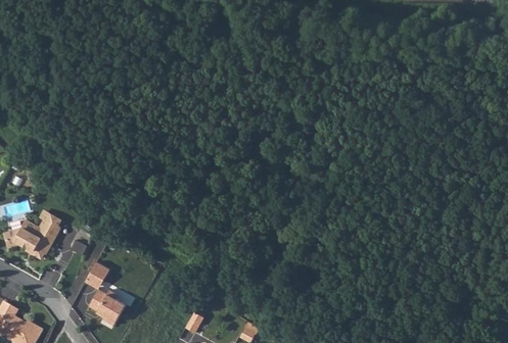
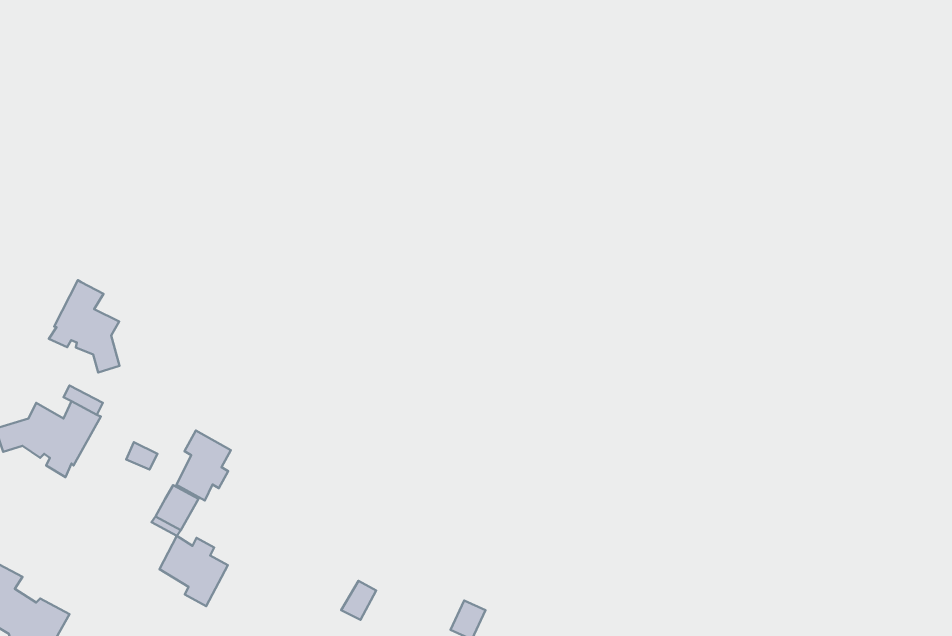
building: none -> [49,280,120,372]
building: none -> [176,431,231,500]

